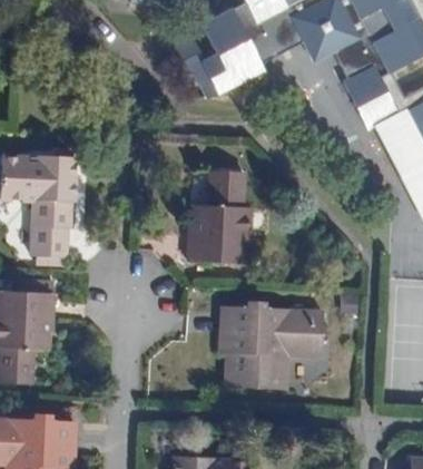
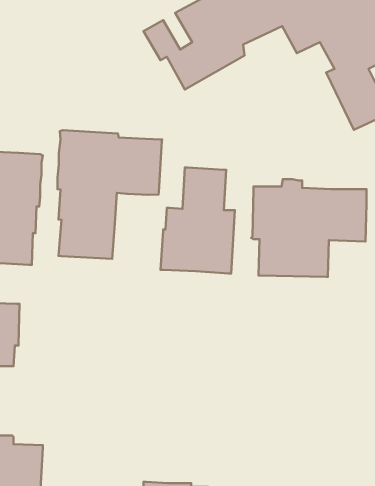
building: none -> [57,130,162,259]
building: [219,301,325,390] -> [251,179,367,277]

